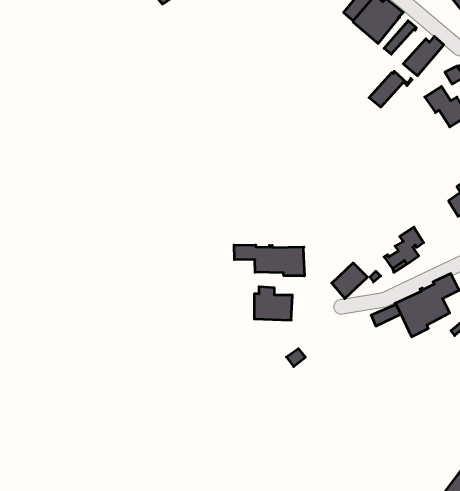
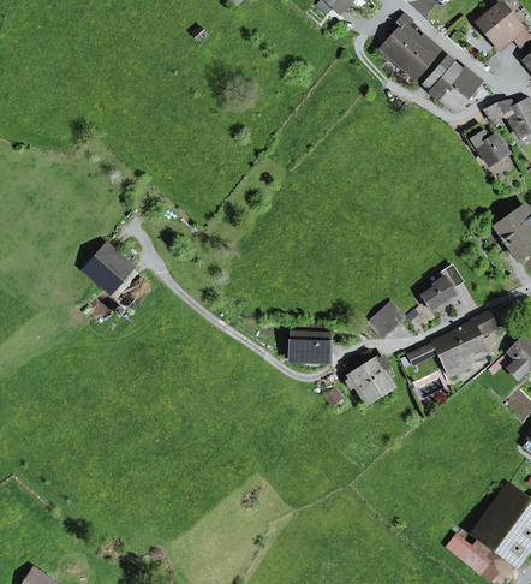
building: [369,71,412,107] -> [429,65,472,101]
building: none -> [85,245,132,292]
building: [234,245,304,276] -> none
building: none -> [344,350,392,404]

